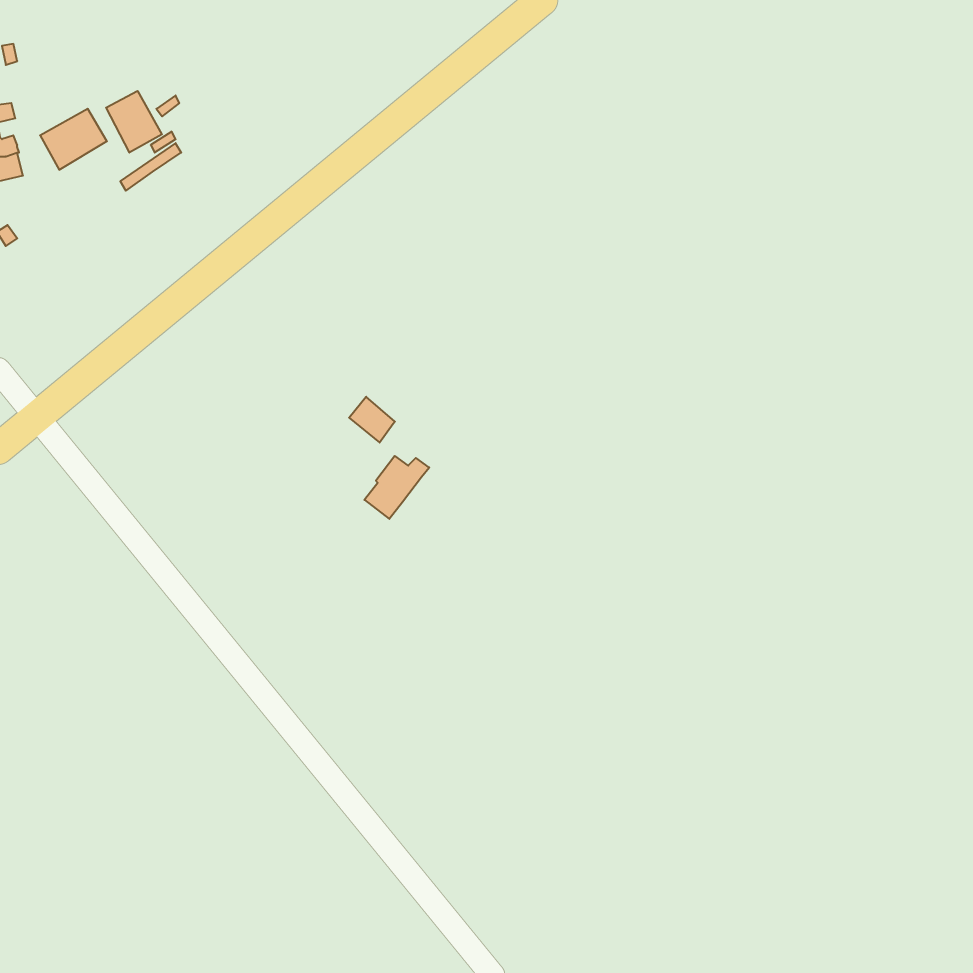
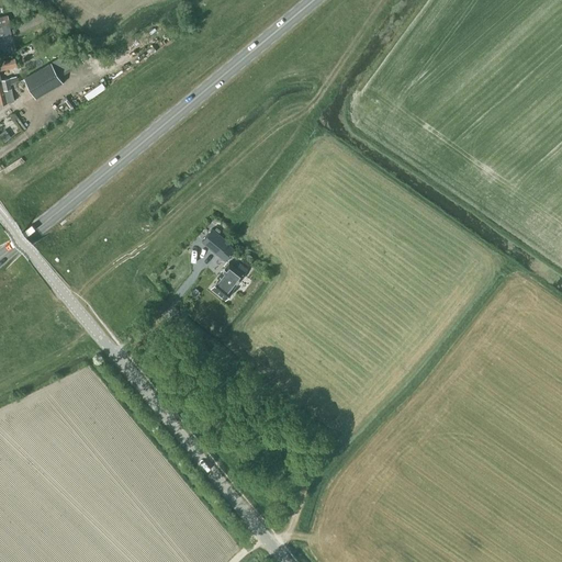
building: [106,91,162,153] -> none

